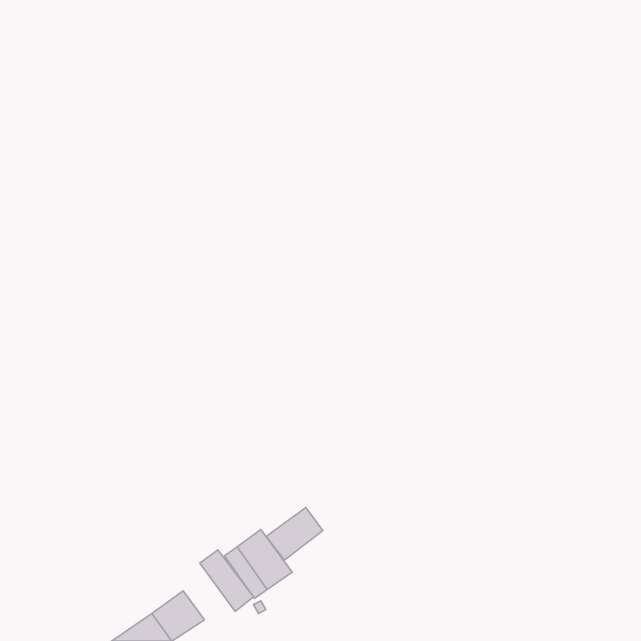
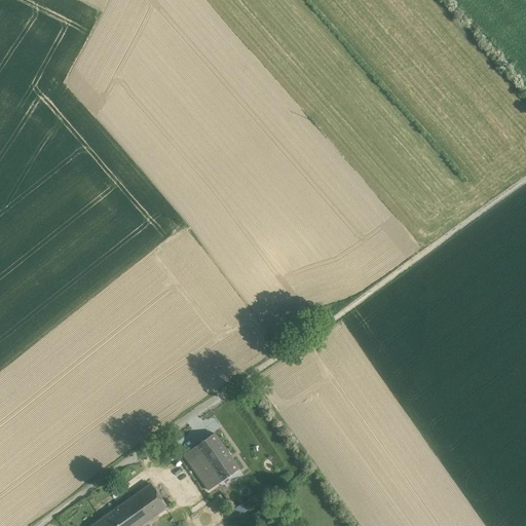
building: [266,507,323,560] -> none
building: [200,550,254,611] -> none

